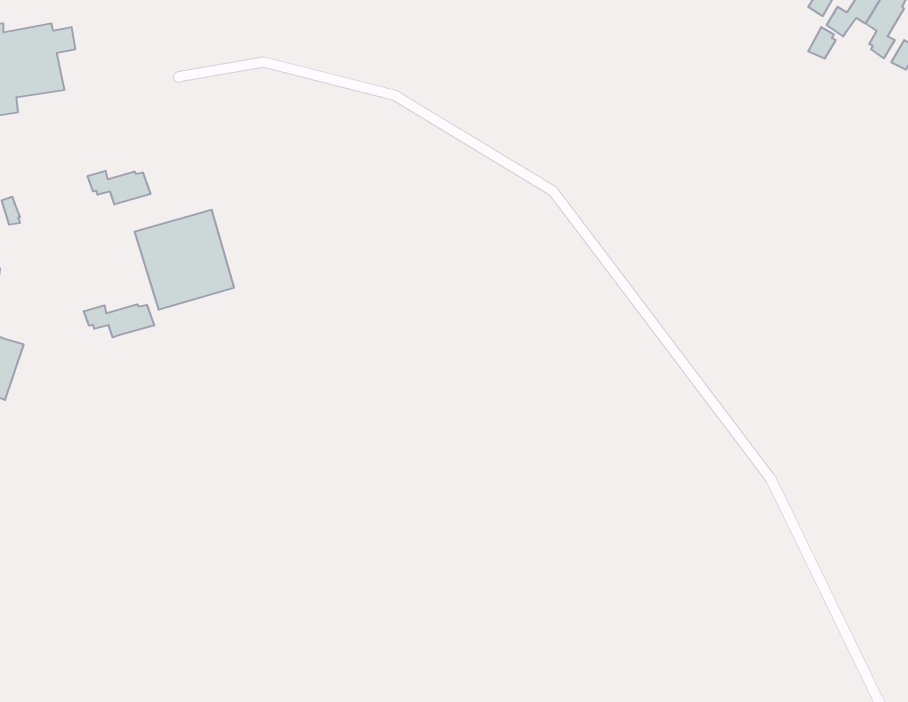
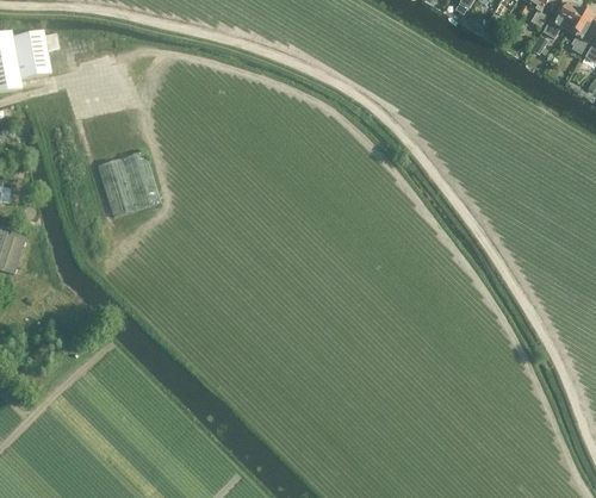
building: [88,171,150,205] -> none
building: [84,304,154,337] -> none

